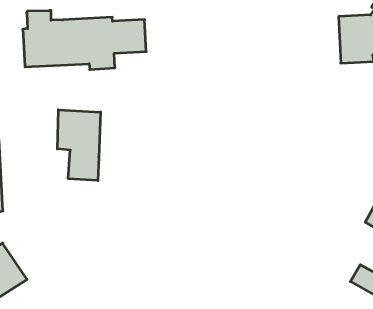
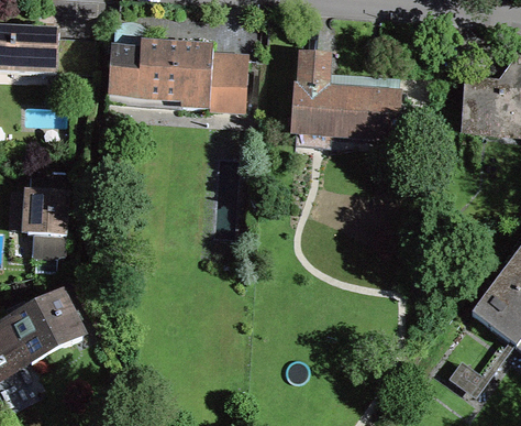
building: none -> [296,54,401,139]
building: [57,110,101,181] -> none

